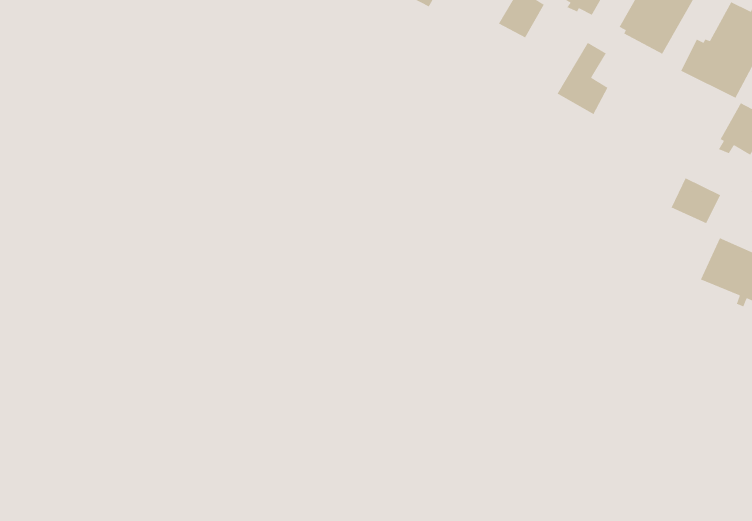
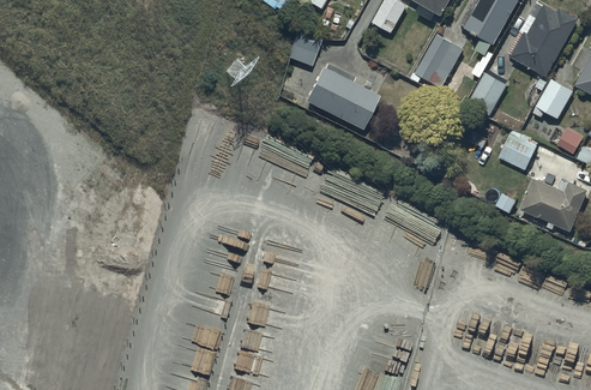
building: none -> [288,30,321,66]
building: none -> [306,64,379,130]
building: none -> [466,73,507,119]

